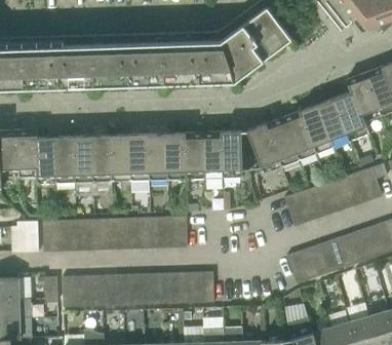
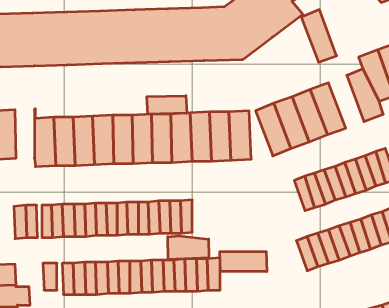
building: [317,97,351,147] -> [301,10,337,62]
building: none -> [147,96,187,114]
building: [17,129,36,176] -> none
building: none -> [168,236,209,259]
building: none -> [220,252,267,272]

